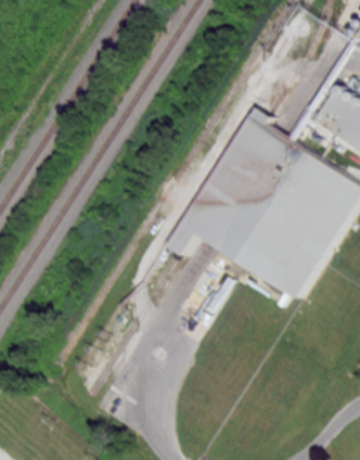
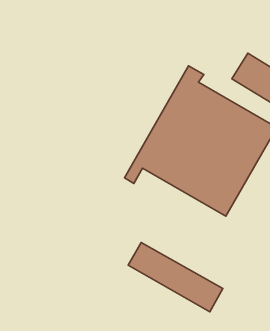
building: none -> [128,242,223,312]

